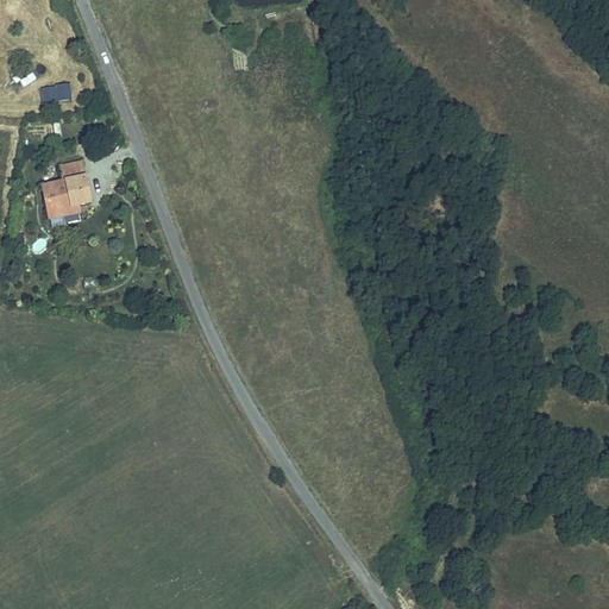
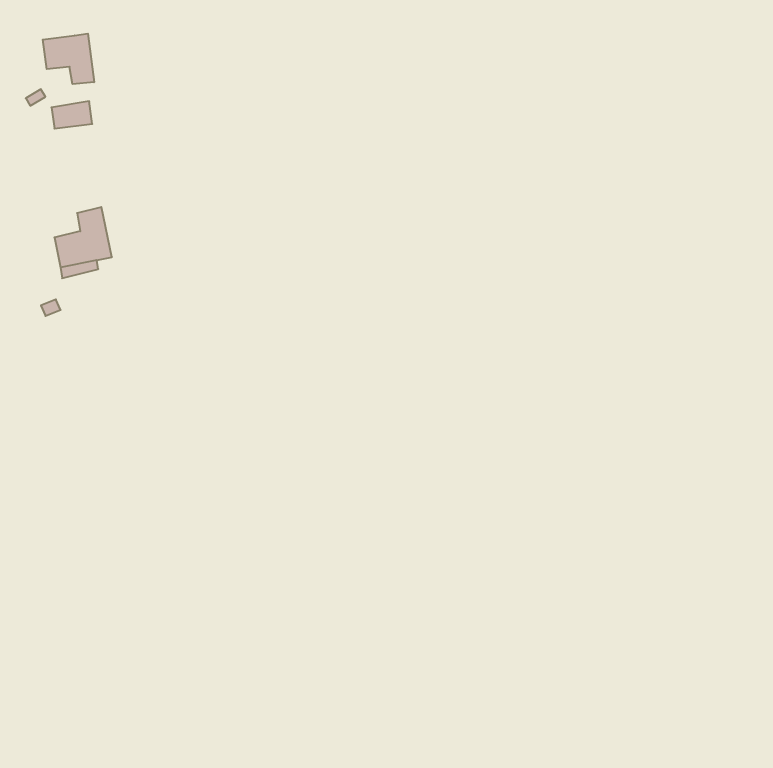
building: none -> [43,34,94,84]

